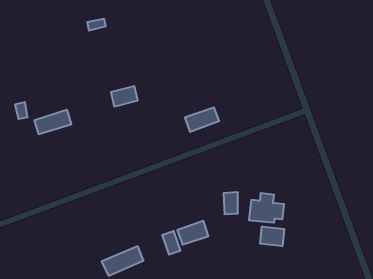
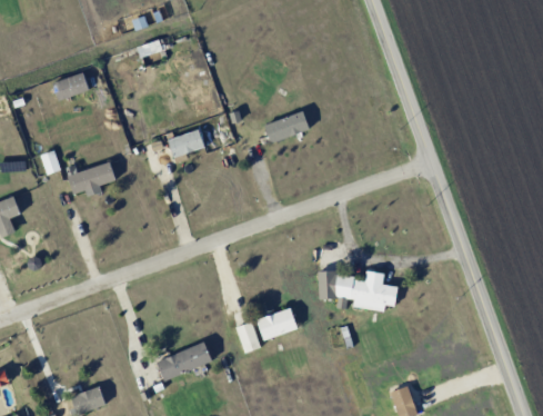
building: none -> [52,72,89,100]
building: [185,107,219,132] -> [264,111,310,143]
building: [260,226,284,246] -> none

